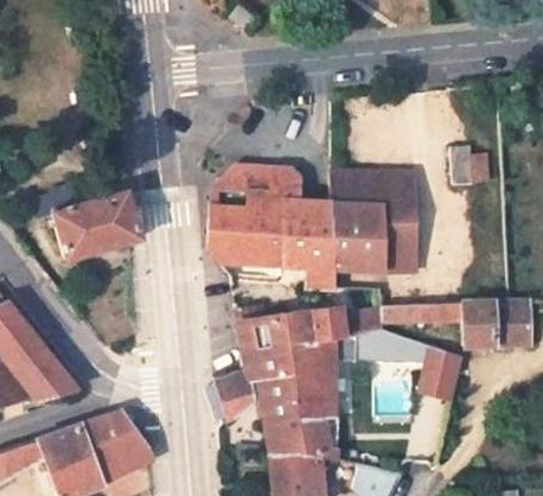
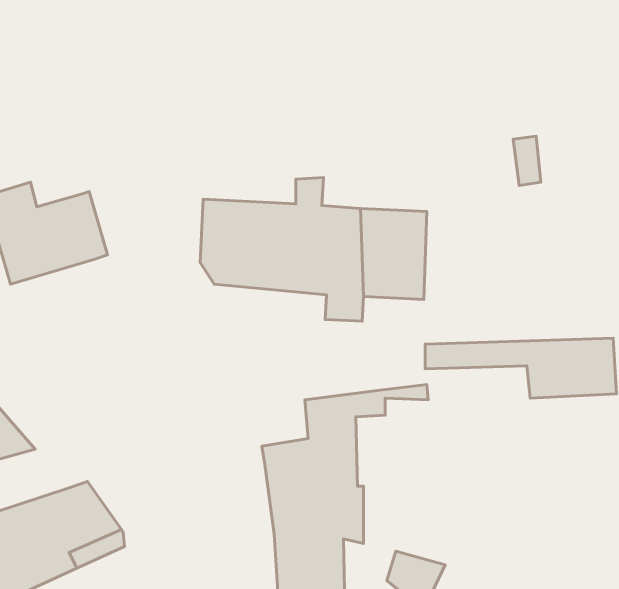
building: [213,163,306,199] -> none
building: [333,171,420,273] -> none
building: [216,311,347,420] -> none
building: [385,338,459,398] -> none

